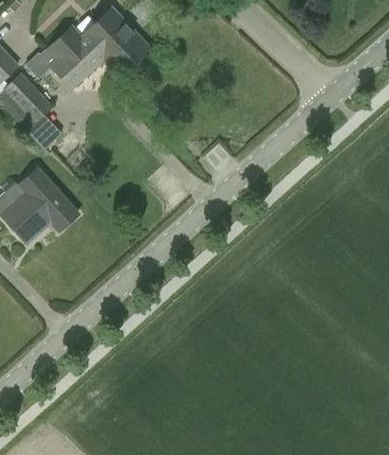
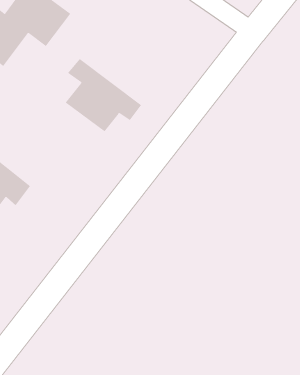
building: none -> [65,58,142,132]

